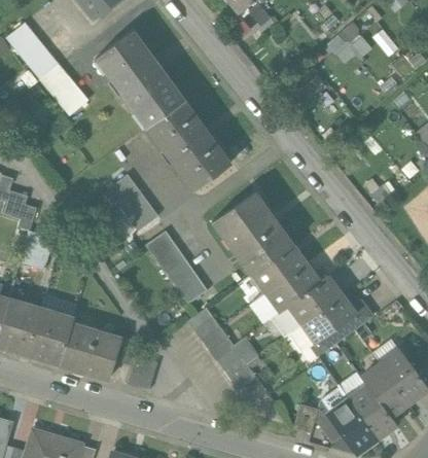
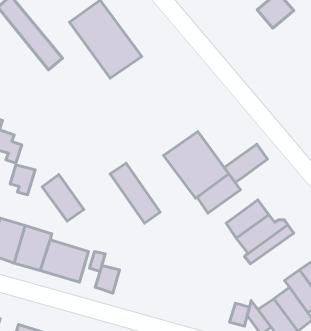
building: [146,99,231,190] -> none
building: [108,174,159,232] -> [42,174,84,221]
building: [266,263,320,311] -> [224,144,268,182]
building: [187,307,257,390] -> none

